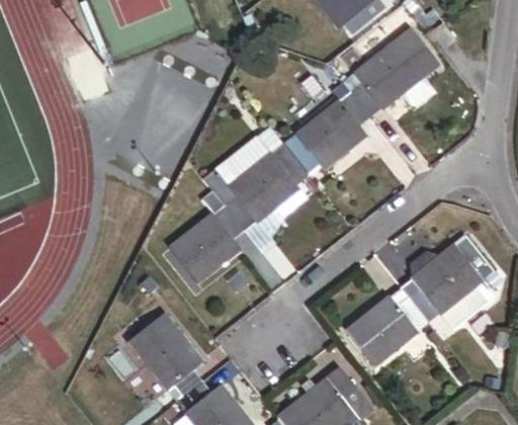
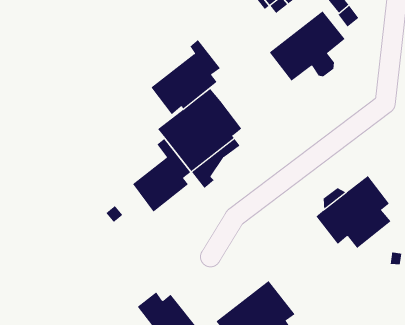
building: [282,82,370,177] -> [151,39,221,115]
building: [346,296,428,365] -> none
building: [128,312,202,401] -> none

